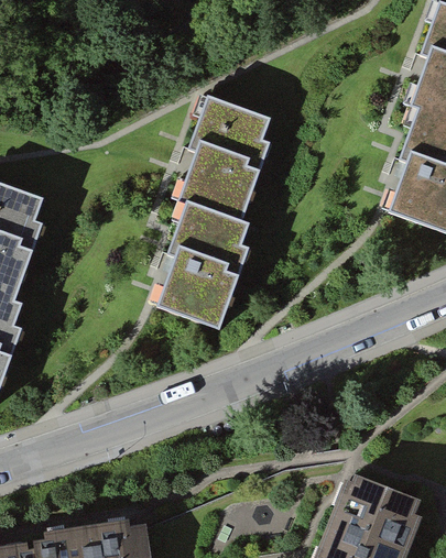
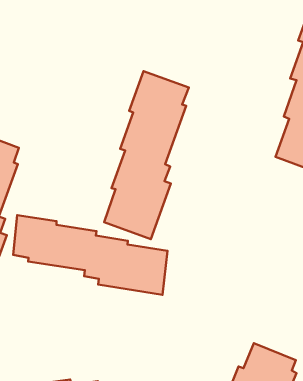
building: none -> [13,215,168,295]

